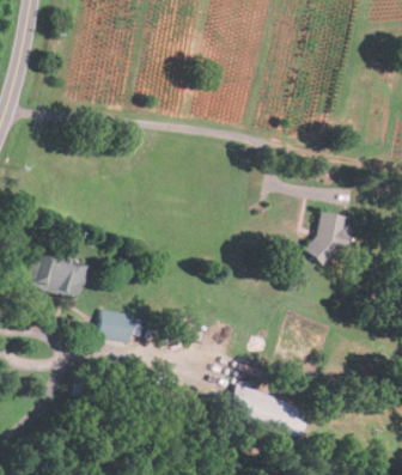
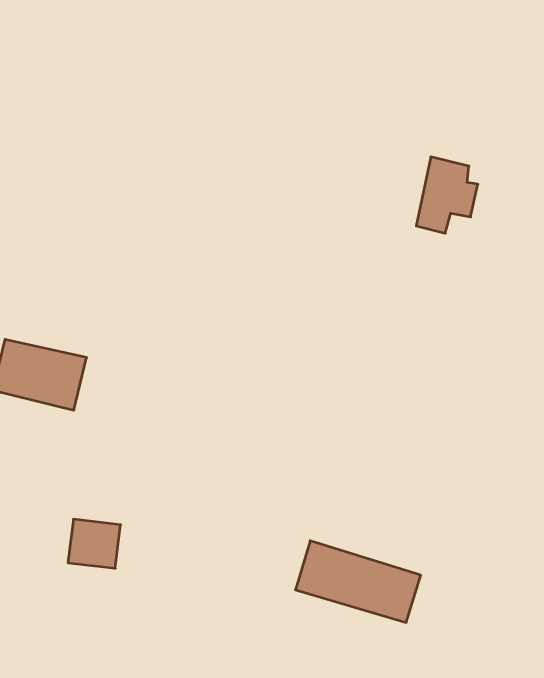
building: [311,209,352,260] -> [416,157,478,233]
building: [99,309,134,341] -> [68,519,121,568]

